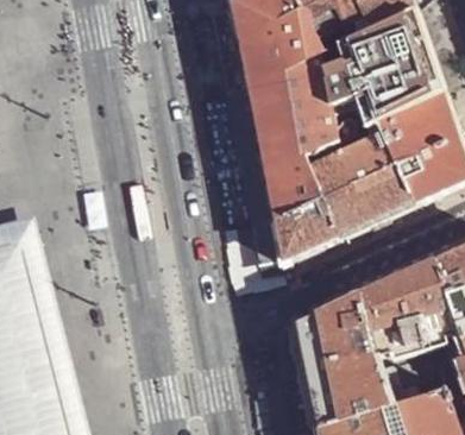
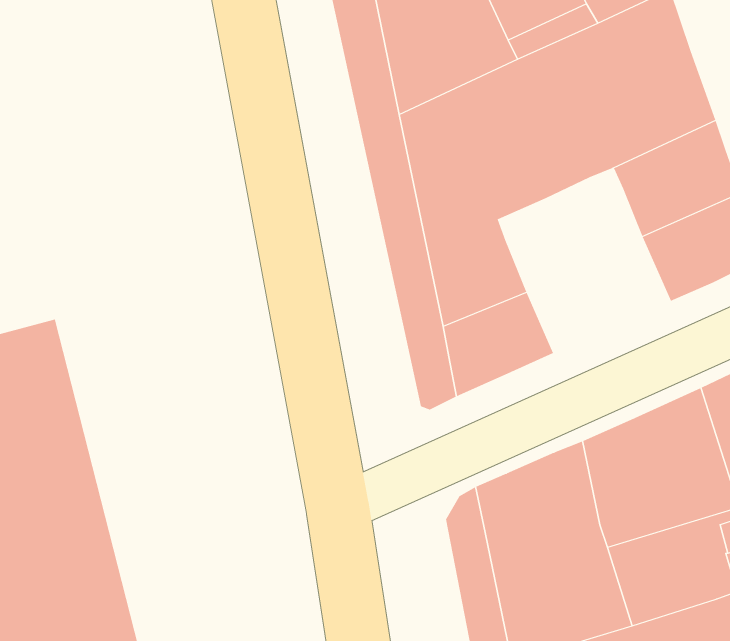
building: [316,133,419,235] -> none

